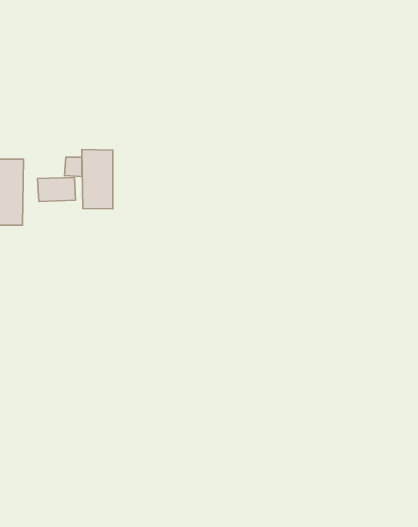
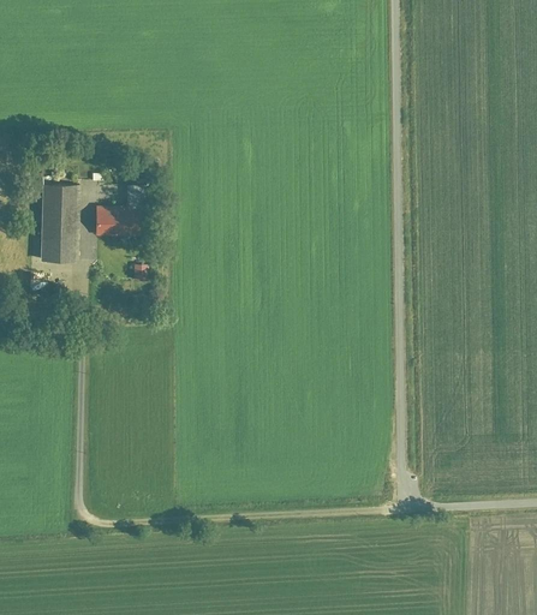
building: [82,150,113,209] -> none

